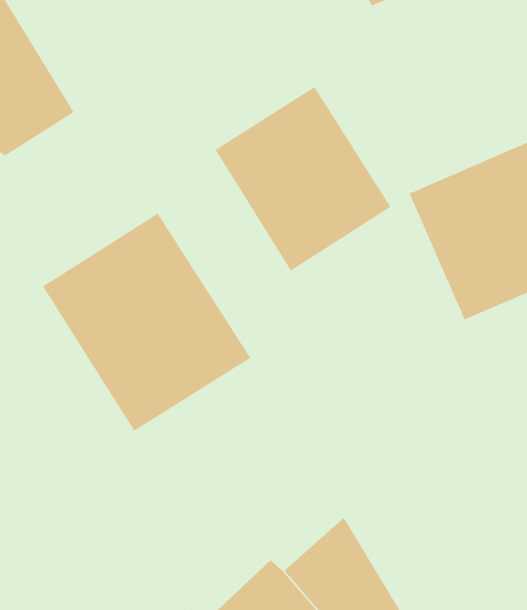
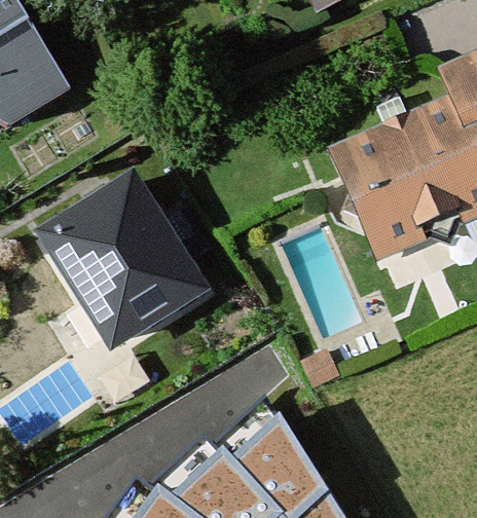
building: [215,86,391,271] -> none

